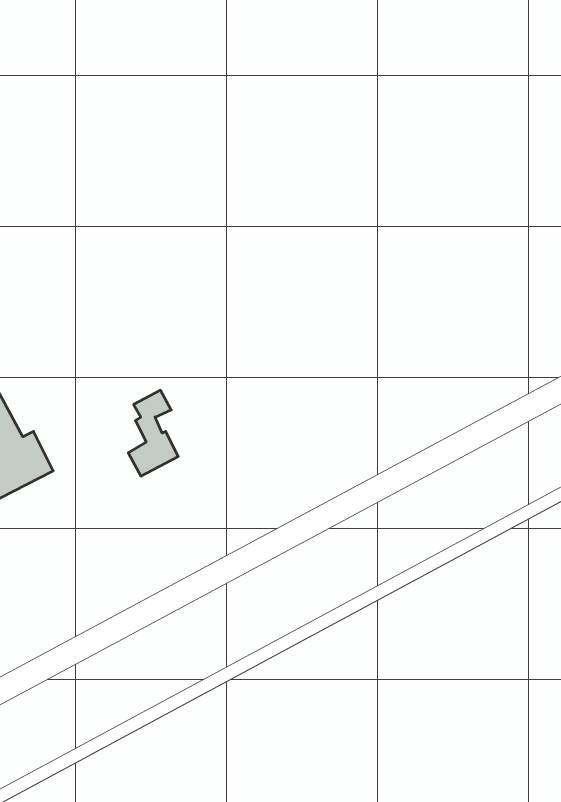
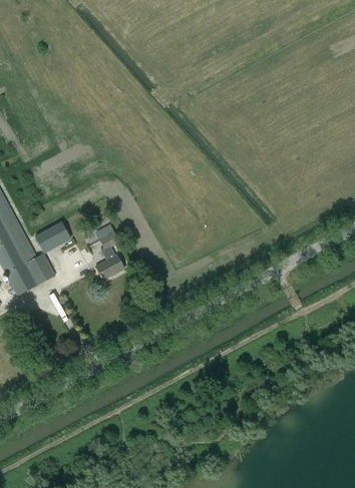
building: none -> [34,220,69,251]

